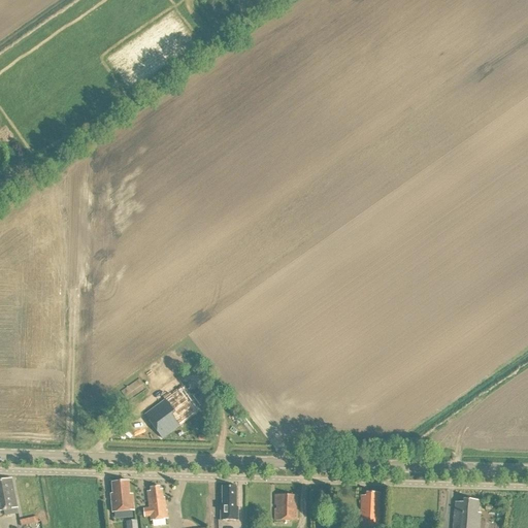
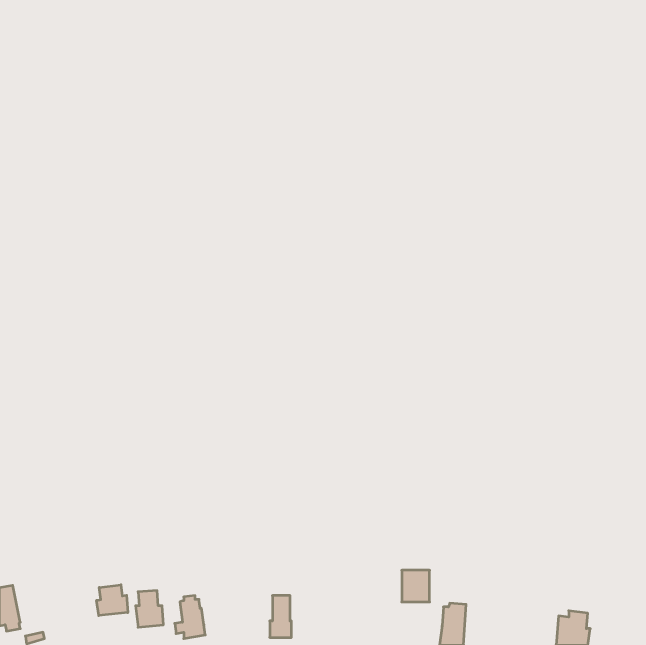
building: [146,388,200,439] -> none
building: none -> [97,585,128,616]
building: [274,493,297,519] -> [402,570,430,602]

